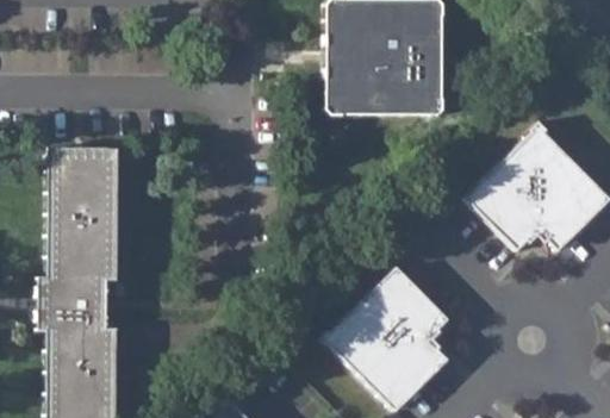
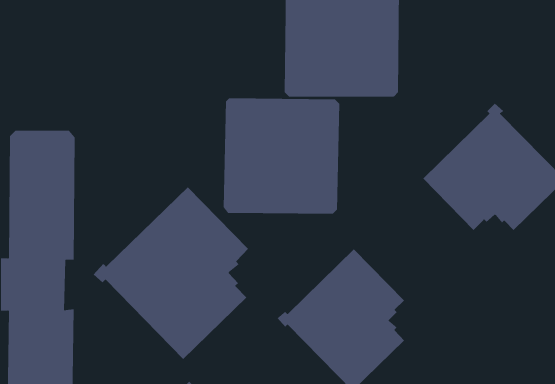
building: none -> [223,98,340,215]
building: none -> [93,186,249,360]

